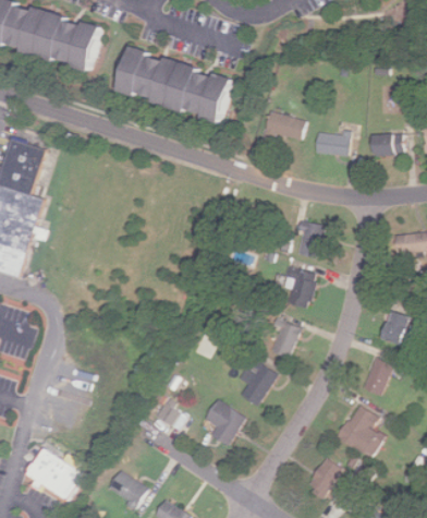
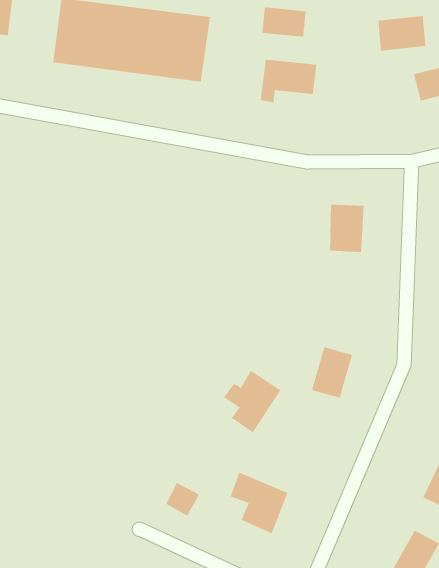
building: none -> [262,7,306,38]
building: [315,133,349,156] -> [377,16,426,51]
building: [281,267,315,308] -> none
building: [236,359,278,403] -> [223,370,281,433]

